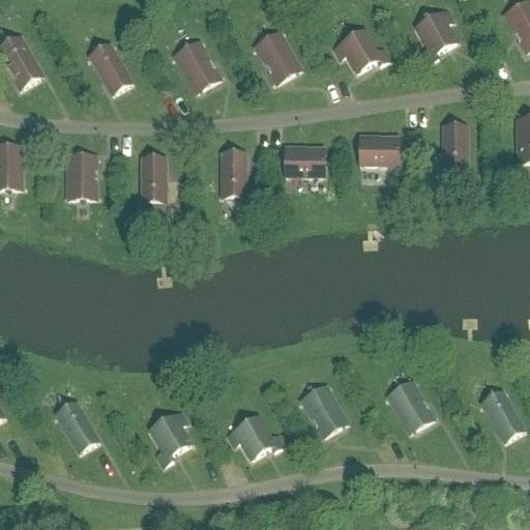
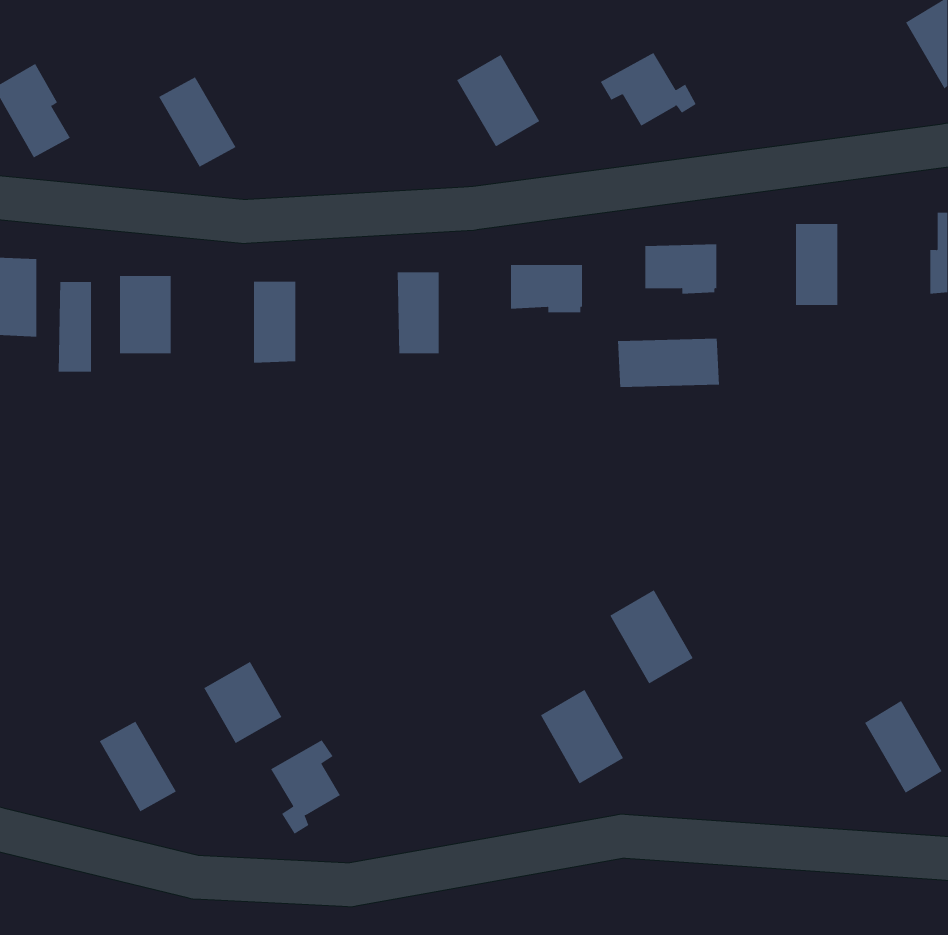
building: [416,8,455,61] -> none
building: [173,39,219,91] -> none
building: none -> [58,281,92,373]
building: none -> [618,338,719,388]
building: none -> [203,661,282,744]
building: [386,379,433,432] -> [610,589,693,684]
building: [228,415,283,457] -> none

